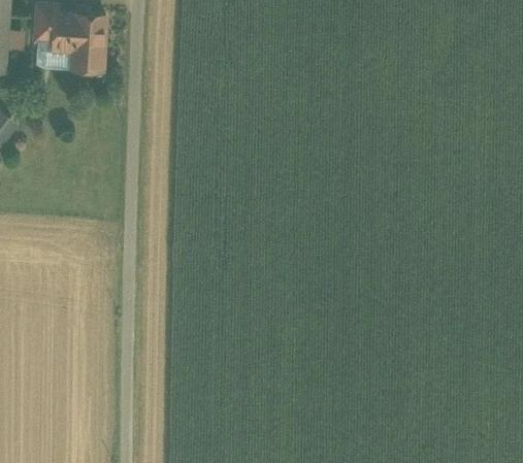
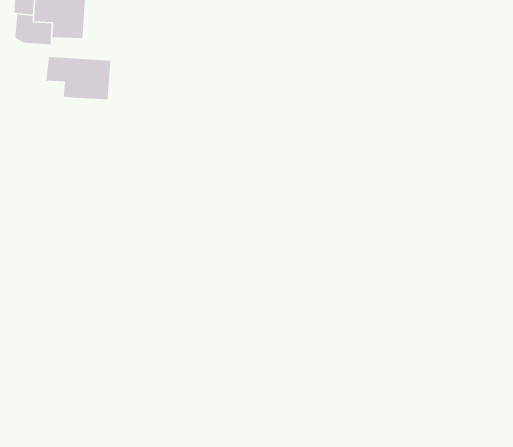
building: none -> [45,56,111,100]

